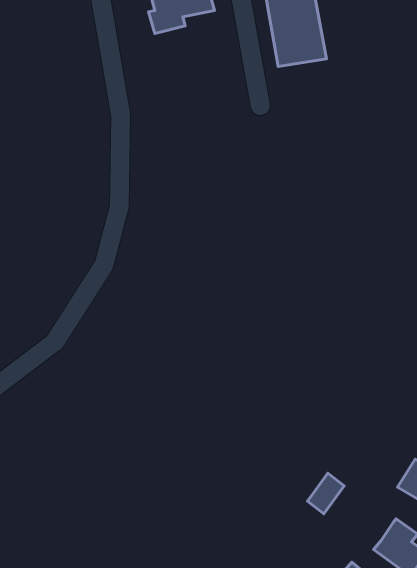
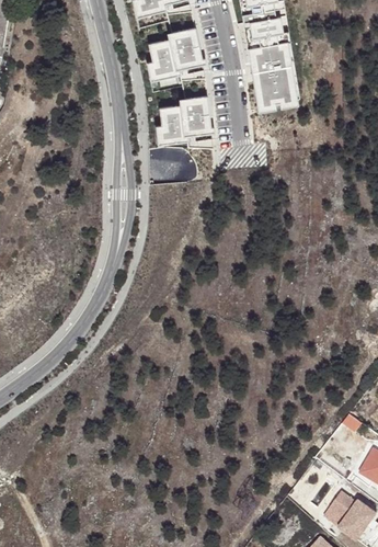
building: none -> [154,94,213,146]
building: [307,473,344,514] -> [324,491,356,526]

